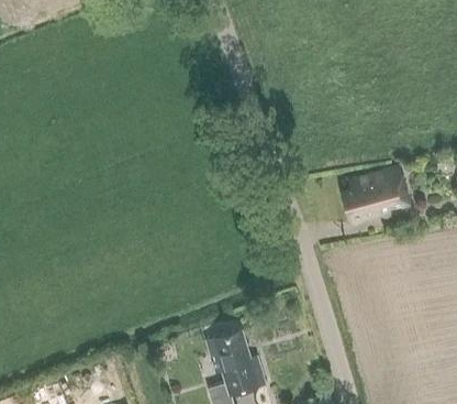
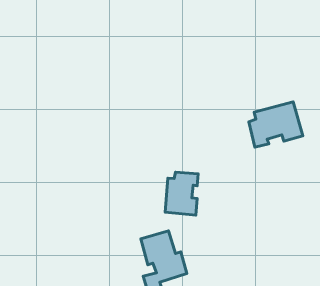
building: none -> [165,172,198,215]

